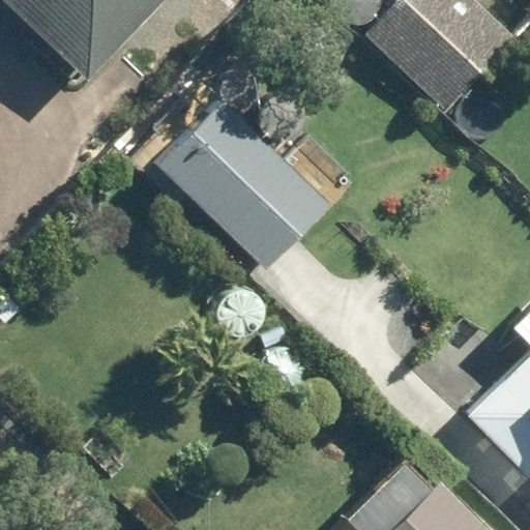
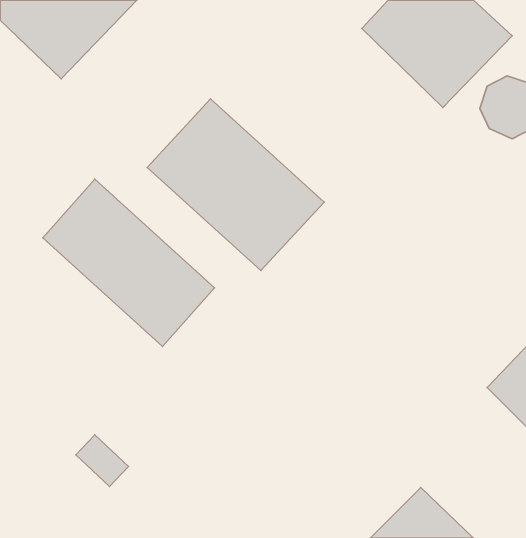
building: none -> [43,179,215,346]

